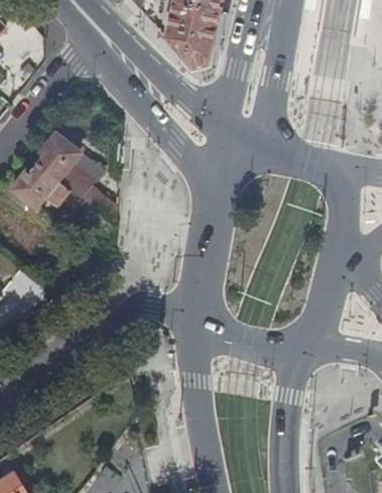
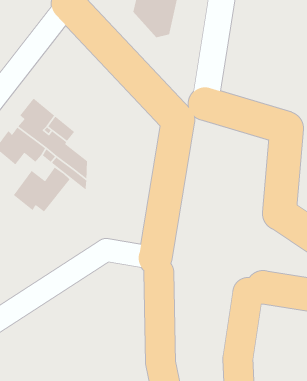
building: none -> [13,167,70,213]

